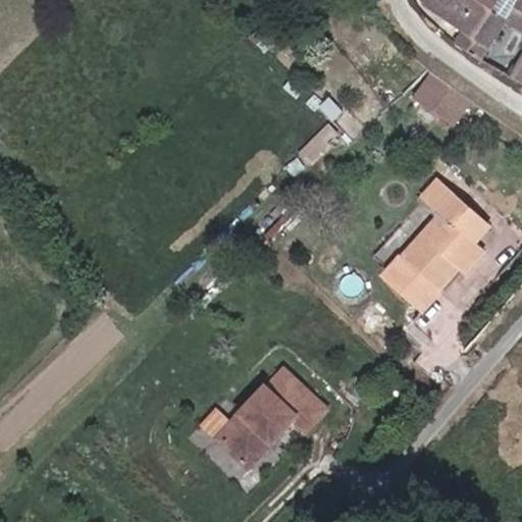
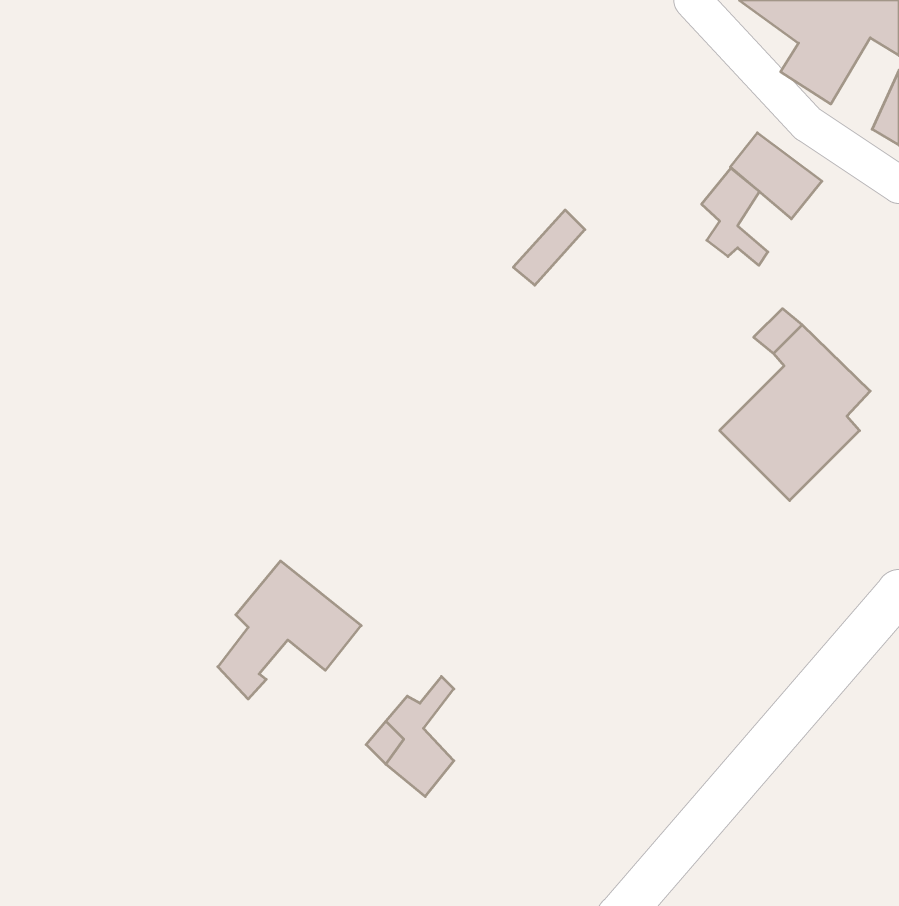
building: none -> [702,168,768,265]
building: [374,243,449,313] -> none
building: [241,360,322,438] -> [218,561,361,699]

